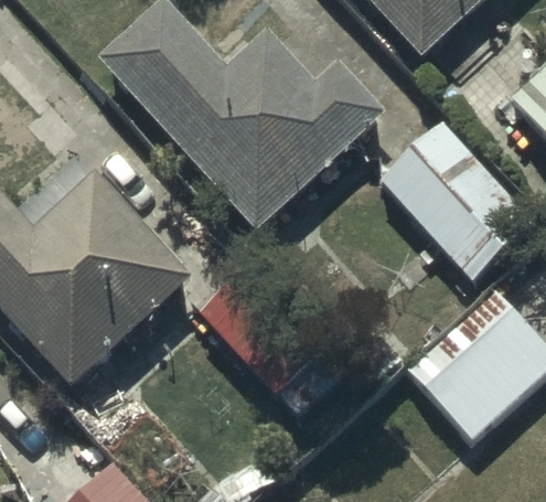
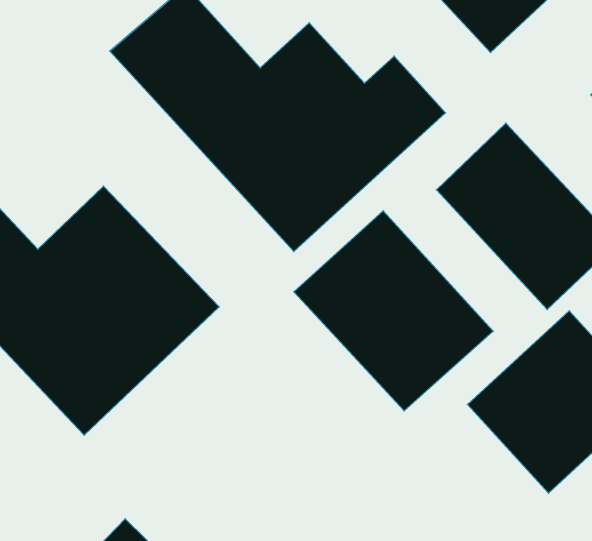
building: none -> [294,211,493,411]

